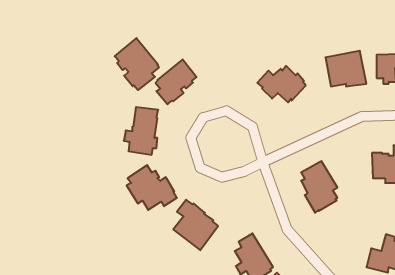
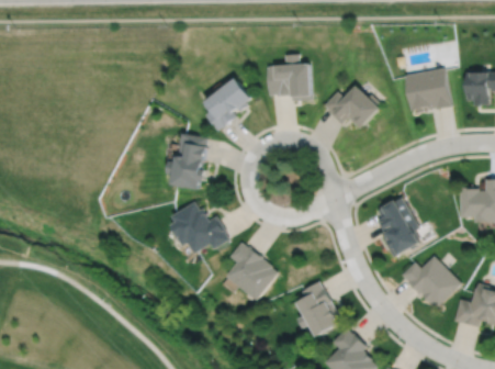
building: [115,38,159,90] -> none
building: none -> [267,54,313,101]
building: none -> [400,256,459,309]

